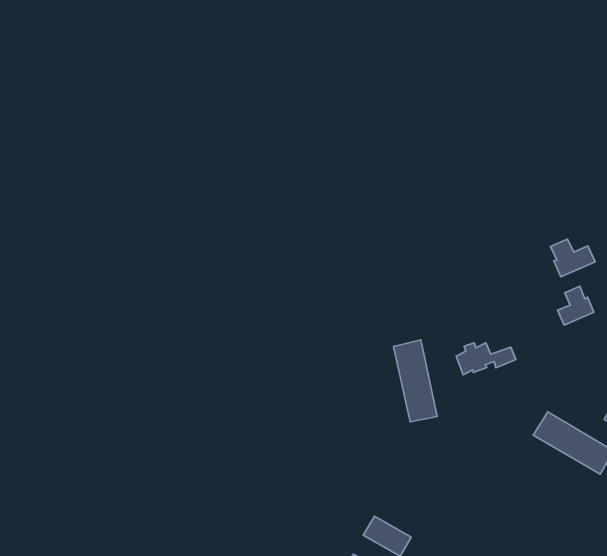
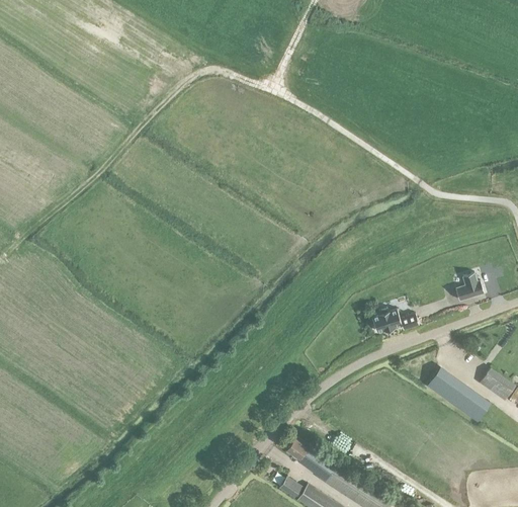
building: [551,239,595,277] -> none
building: [393,340,437,422] -> none

